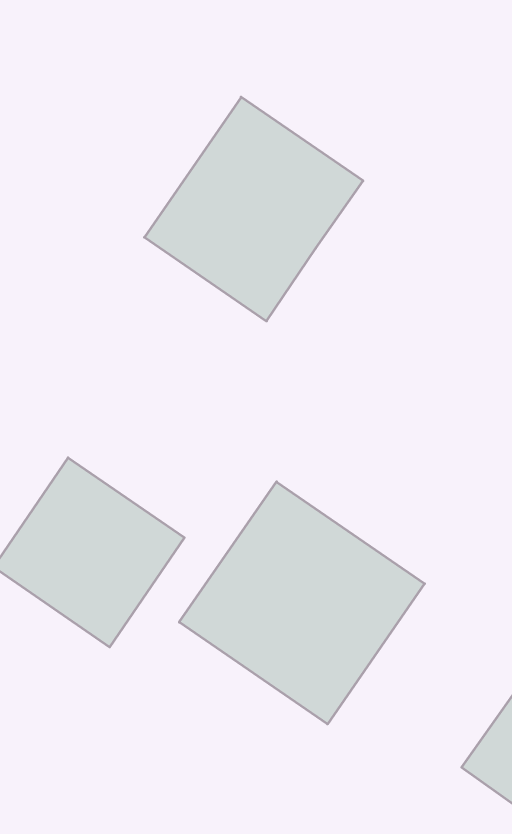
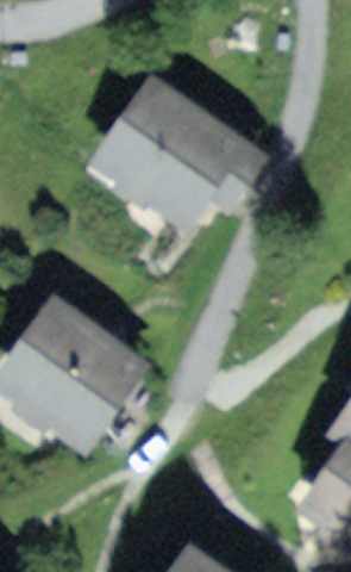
building: [179,482,425,724] -> none

